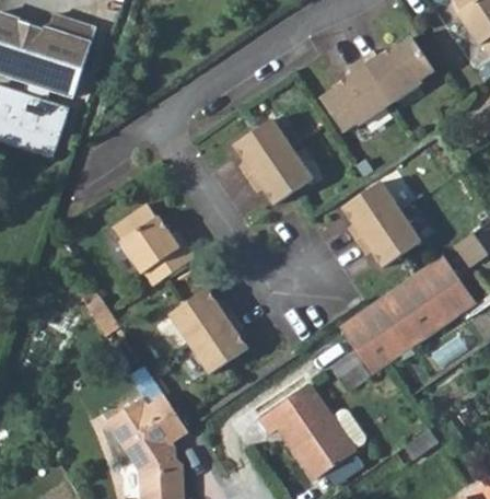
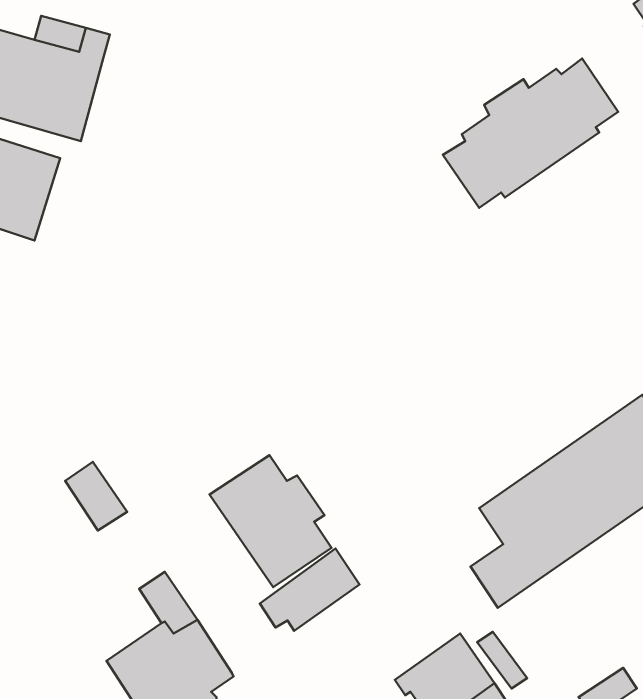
building: [232,119,307,201] -> none
building: [343,181,422,266] -> none
building: [110,202,192,285] -> none
building: [265,382,328,434] -> [260,548,360,631]

